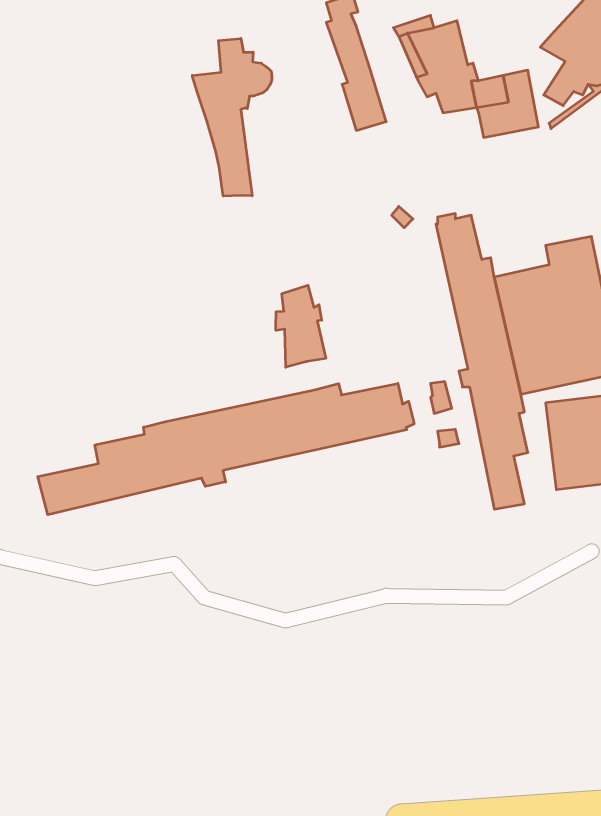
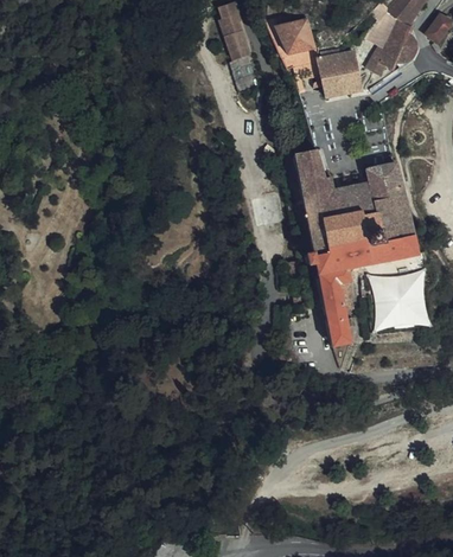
building: [192,38,272,196] -> none
building: [276,285,326,367] -> none
building: [38,383,414,515] -> none

